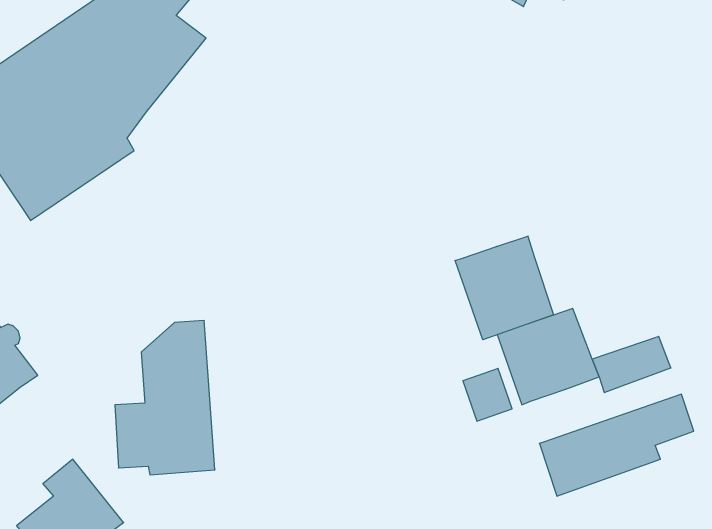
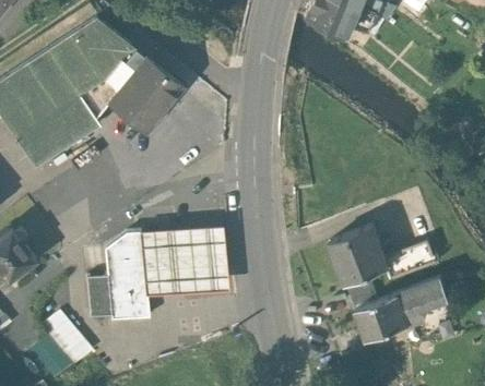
building: none -> [108,53,184,131]
building: [455,236,553,340] -> none
building: none -> [144,225,230,294]
building: [463,368,512,421] -> [347,274,378,306]

